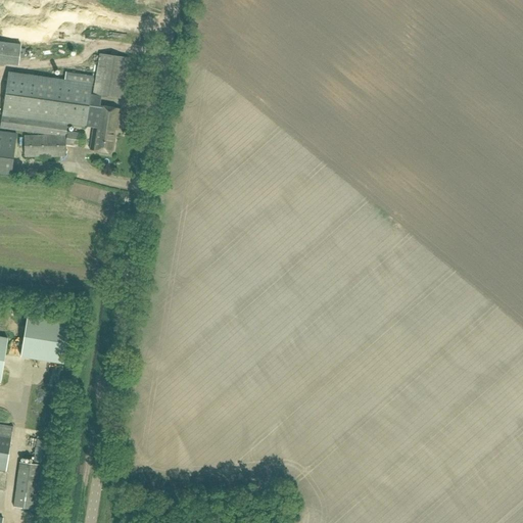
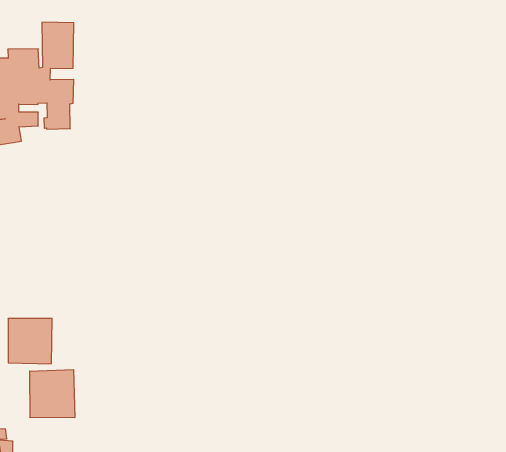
building: none -> [30,370,75,418]

